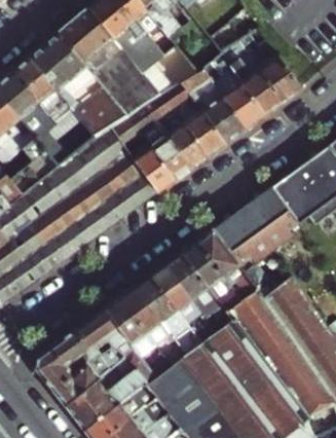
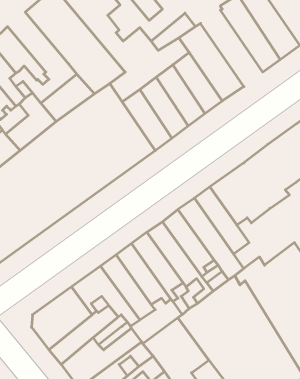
building: [203,54,265,131] -> none
building: [11,57,72,123] -> none

